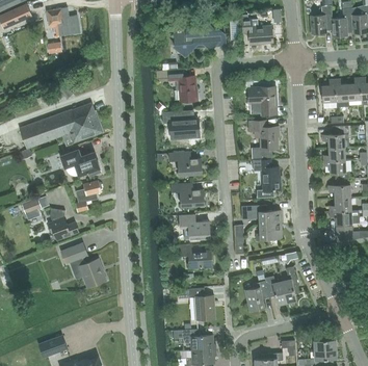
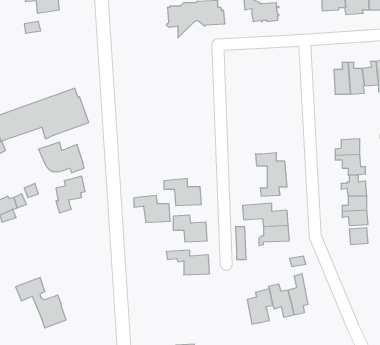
building: [167,69,196,101] -> none
building: [248,87,275,114] -> none
building: [169,109,199,137] -> none
building: [247,121,279,157] -> none
building: [321,125,348,148] -> none
building: [168,151,201,175] -> [134,196,170,223]
building: [49,207,79,239] -> none
building: [61,242,106,287] -> [16,277,66,328]
building: [177,287,214,319] -> none

